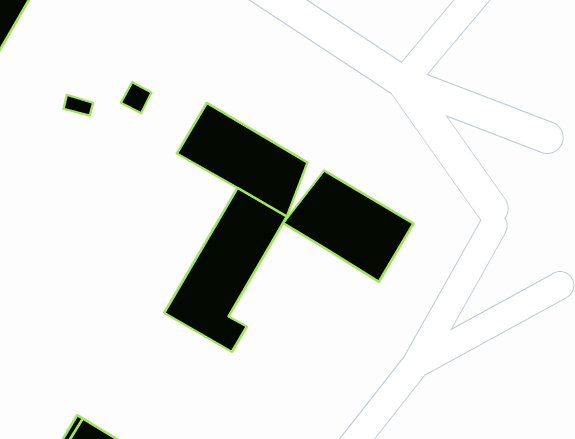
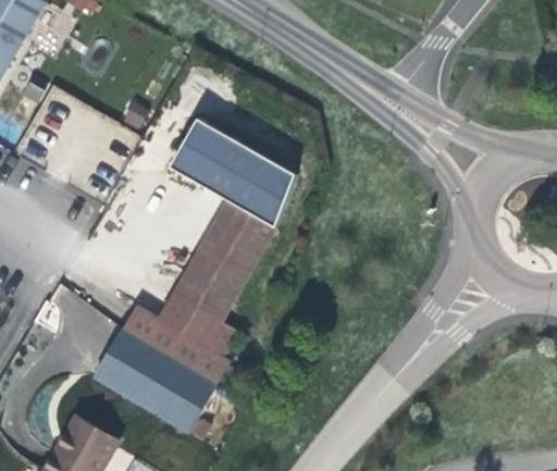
building: [283,171,413,282] -> none
building: none -> [94,305,230,431]

